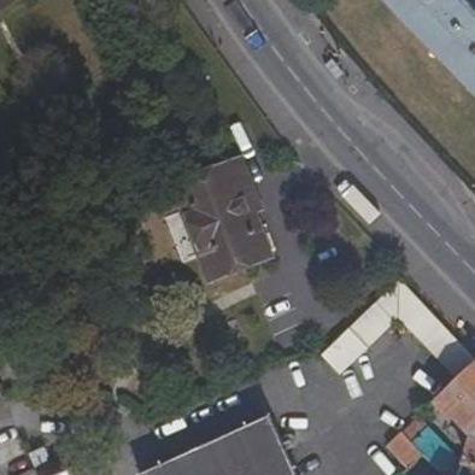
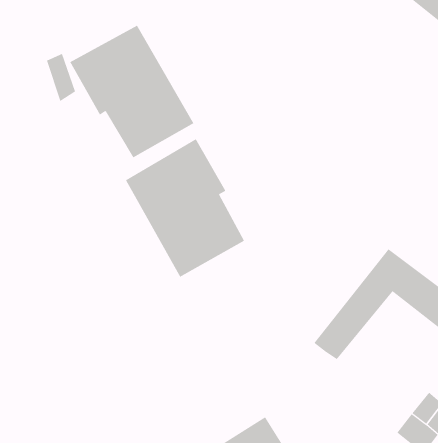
building: none -> [69,25,194,158]

